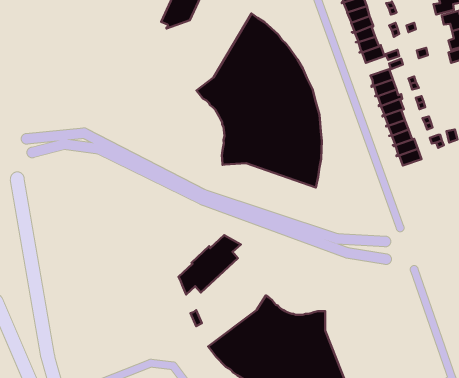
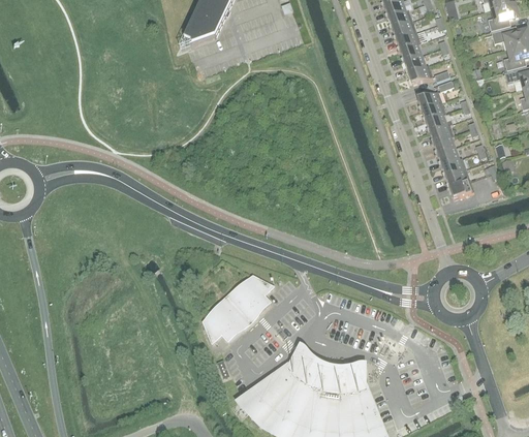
building: [197,14,322,188] -> none

